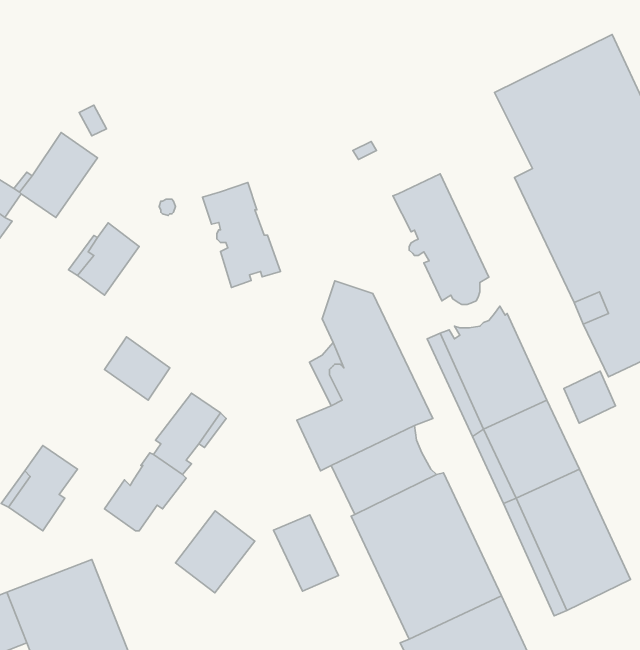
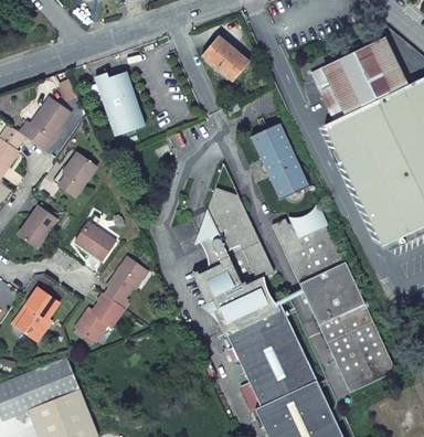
building: none -> [202,35,250,81]
building: [202,183,280,288] -> [98,72,146,136]
building: none -> [18,205,57,247]
building: [564,371,616,423] -> none
building: [175,511,255,593] -> none
building: [274,515,339,591] -> none

